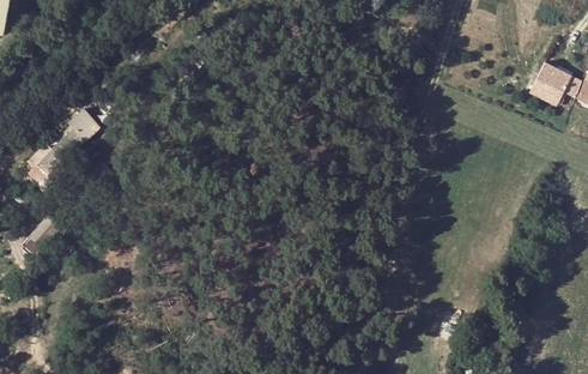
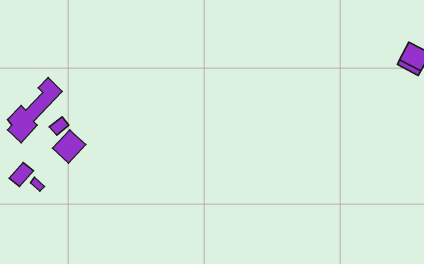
building: none -> [53,130,86,163]

